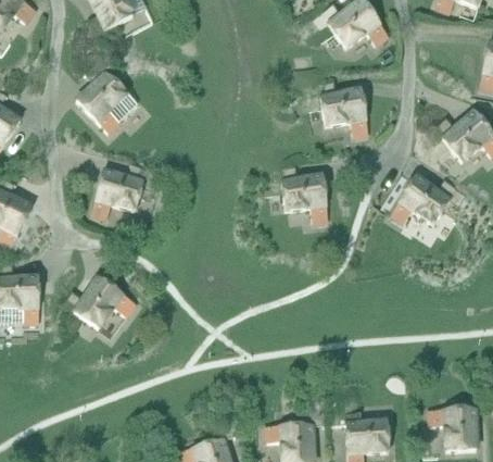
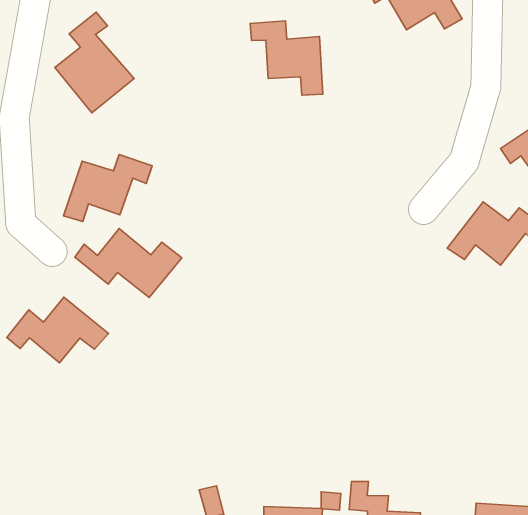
building: [308,78,369,135] -> [250,21,323,95]
building: [270,163,329,221] -> none
building: none -> [75,228,182,298]

